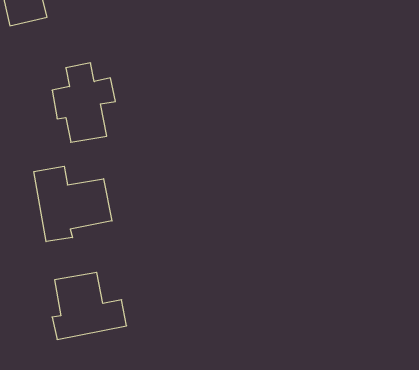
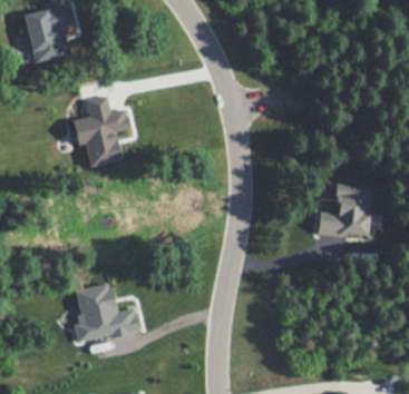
building: none -> [318,185,371,237]
building: [34,166,112,242] -> none

